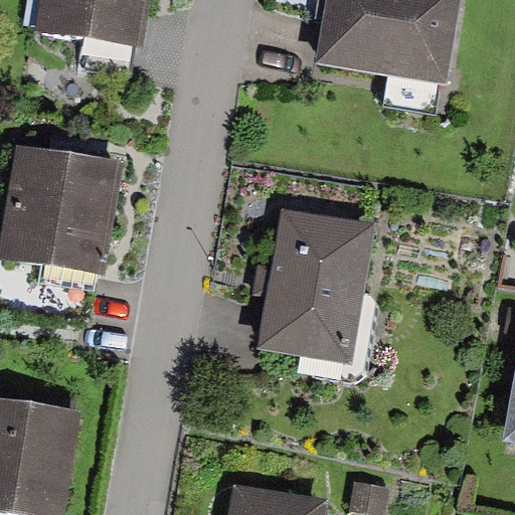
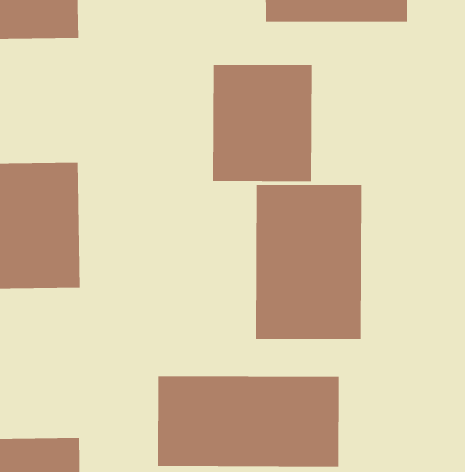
building: none -> [213,64,312,182]
building: none -> [157,375,339,467]

